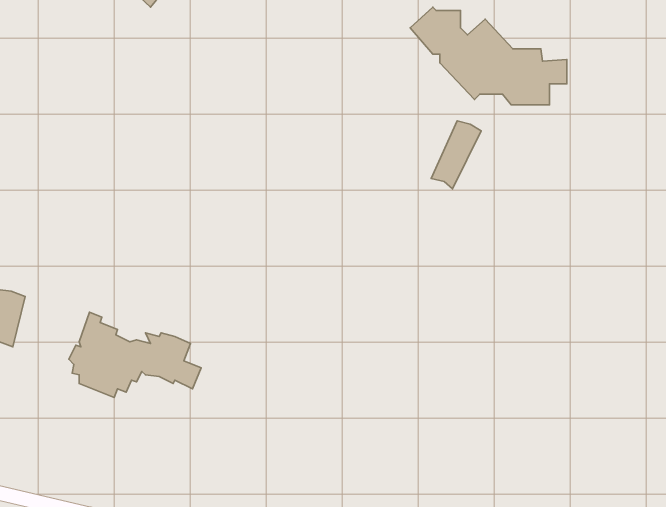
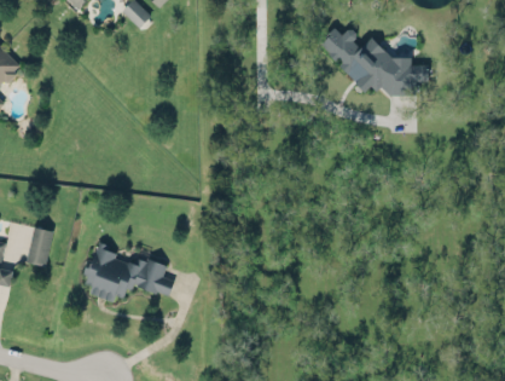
building: [431,121,481,189] -> none

